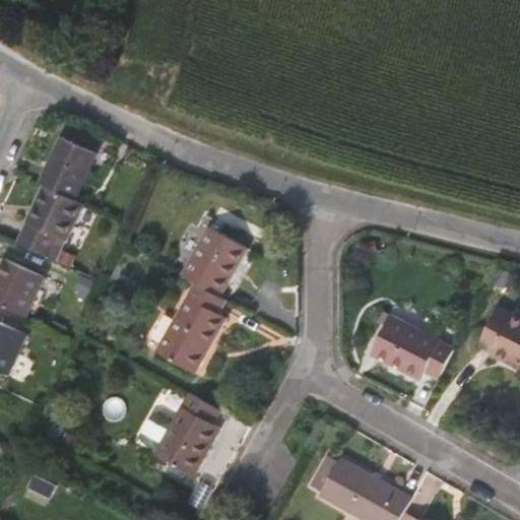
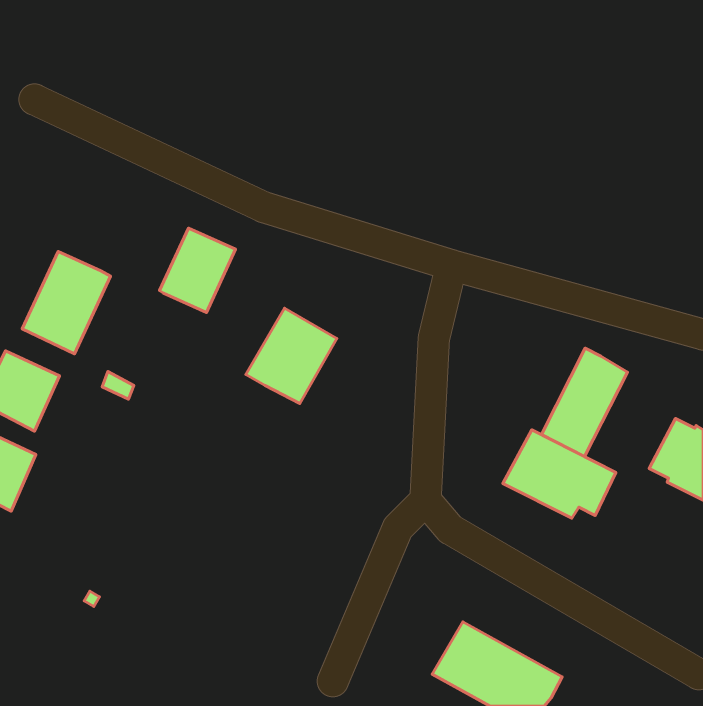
building: [40,137,95,199] -> [159,228,235,313]
building: none -> [541,348,628,457]
building: [156,283,228,374] -> none
building: [139,393,221,476] -> none

